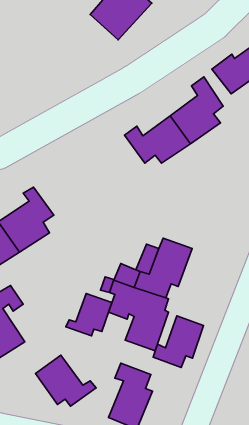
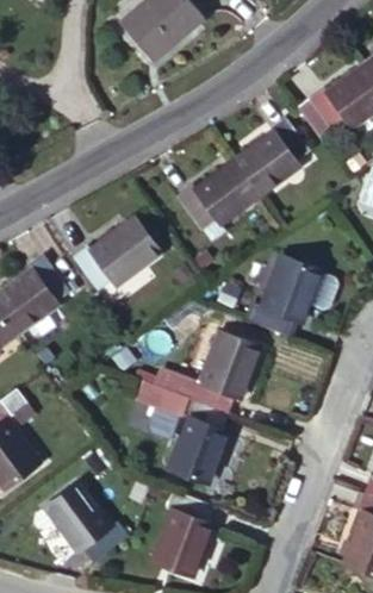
building: none -> [73,231,166,300]
building: none -> [240,249,321,332]
building: [66,293,112,336] -> none
building: [153,316,204,368] -> none

